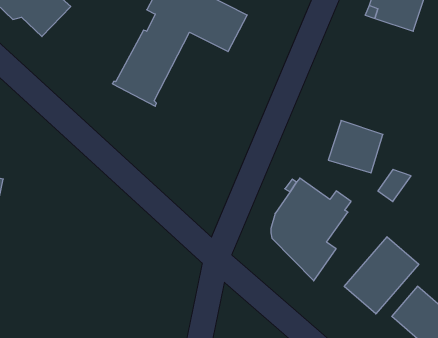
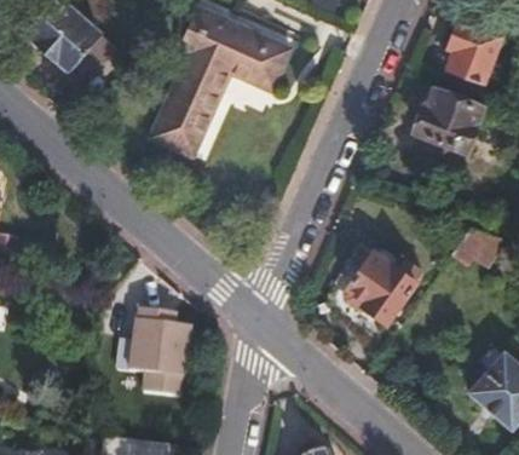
building: [328,120,383,173] -> [425,88,486,148]
building: [344,237,419,314] -> none
building: none -> [123,305,196,394]

